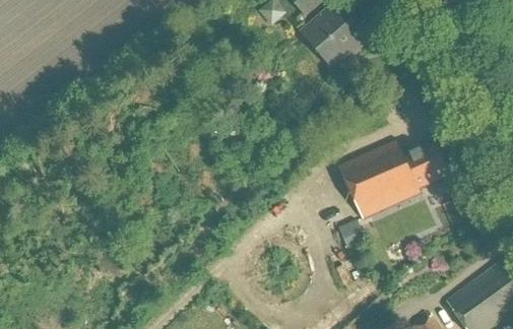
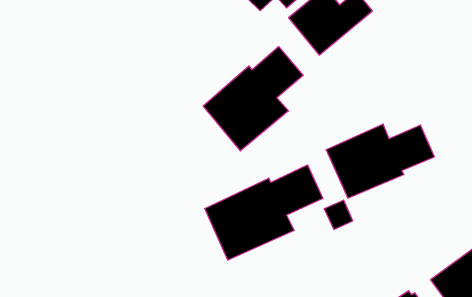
building: none -> [203,47,303,151]
building: none -> [205,165,323,260]

